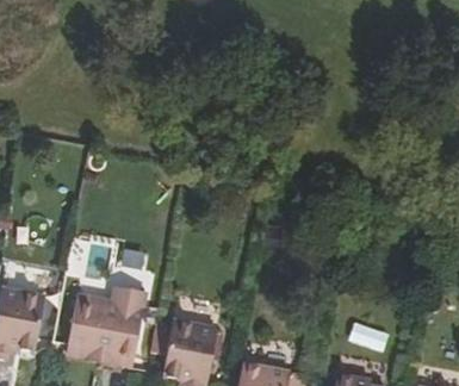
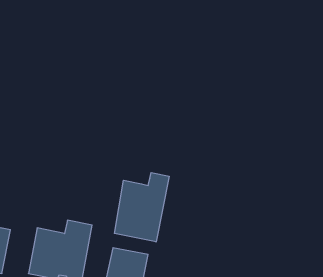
building: none -> [114,173,169,242]

